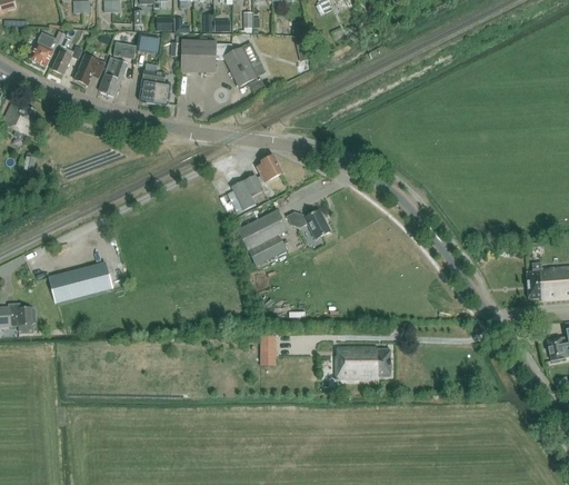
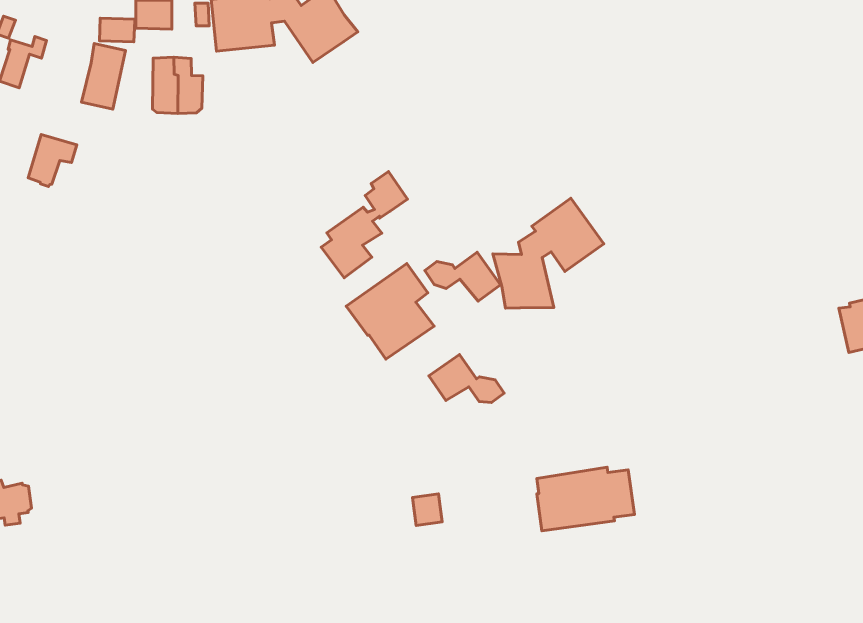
building: [74,56,106,87] -> [28,135,77,187]
building: none -> [493,198,604,308]
building: [50,261,113,303] -> none
building: none -> [429,354,504,403]

